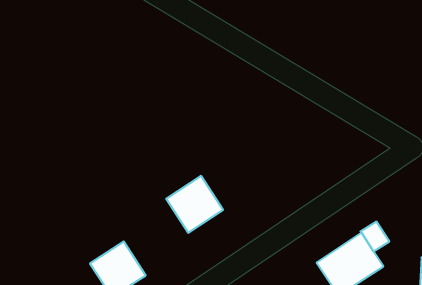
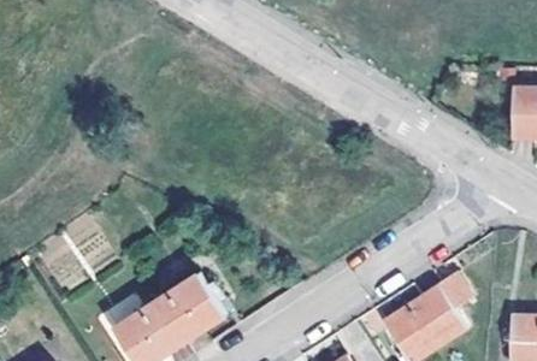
building: [166,176,223,233] -> [153,271,222,339]

